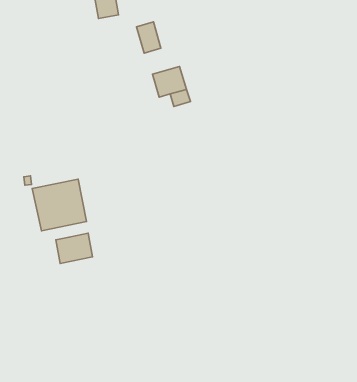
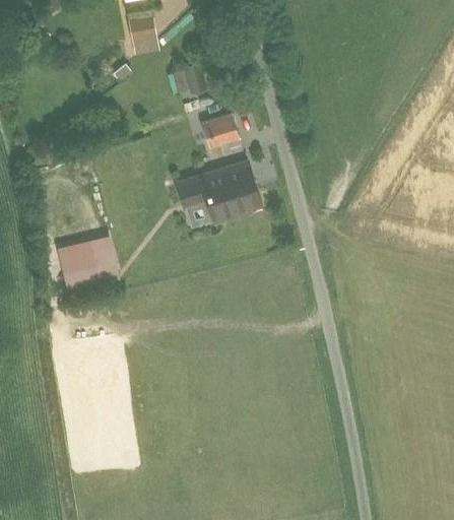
building: none -> [173,159,263,220]
building: [56,233,93,263] -> none

